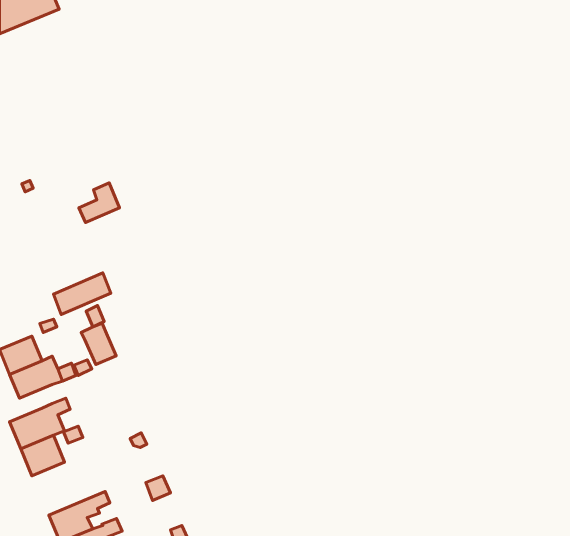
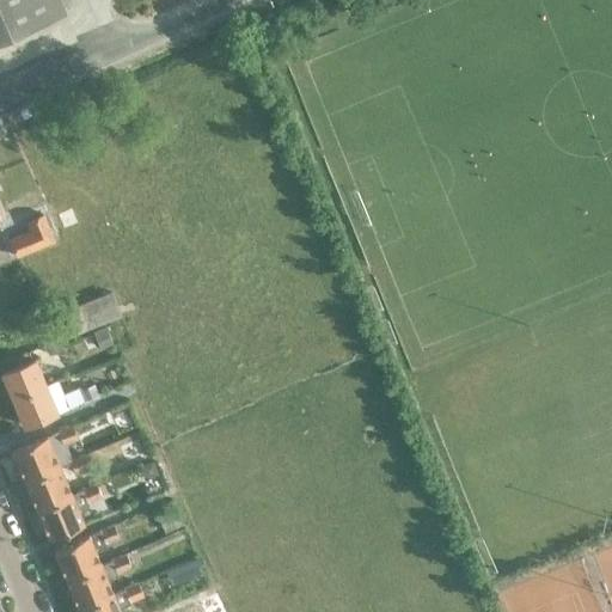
building: [79,183,119,222] -> [10,215,53,257]
building: [81,323,116,364] -> none
building: none -> [35,485,100,540]

